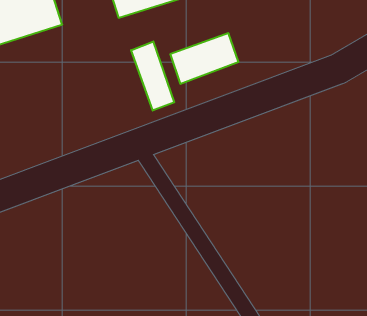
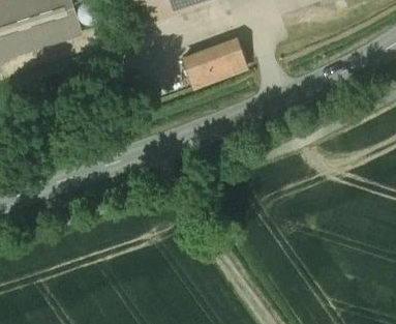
building: [131,41,174,111] -> none

